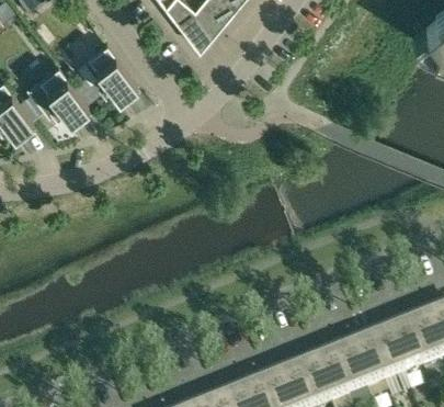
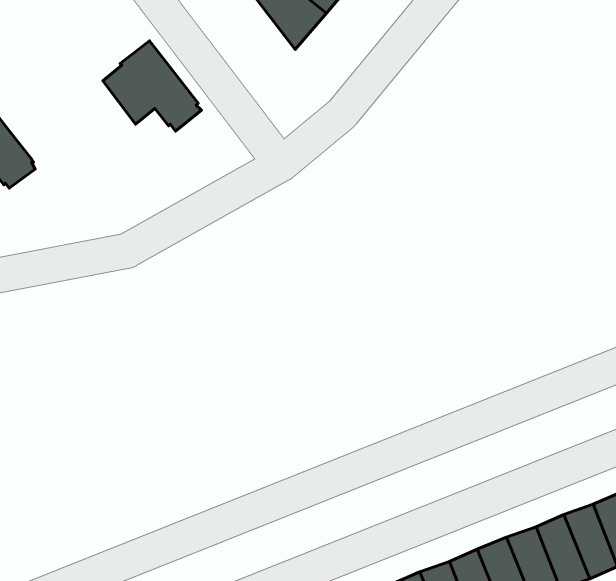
building: [24,66,88,122] -> none

